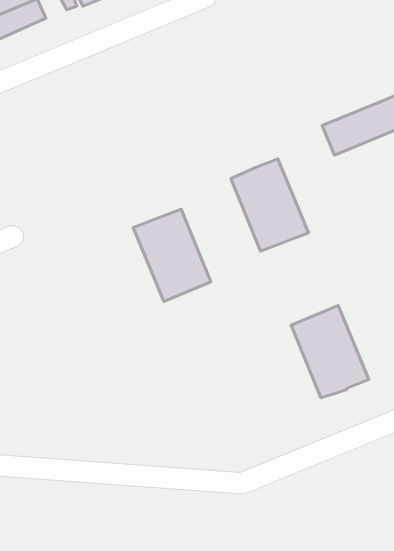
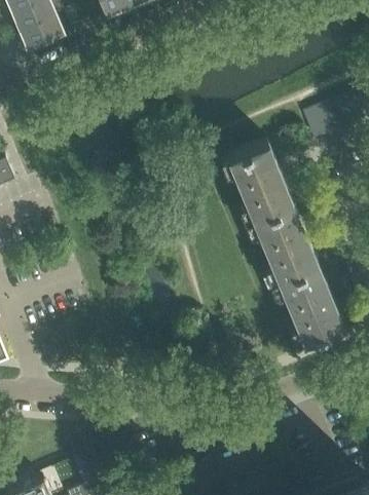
building: [133,209,211,301] -> [252,206,317,283]

